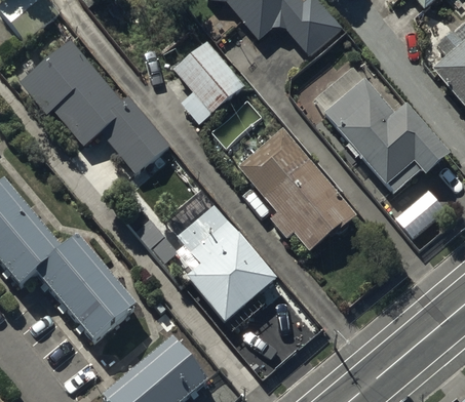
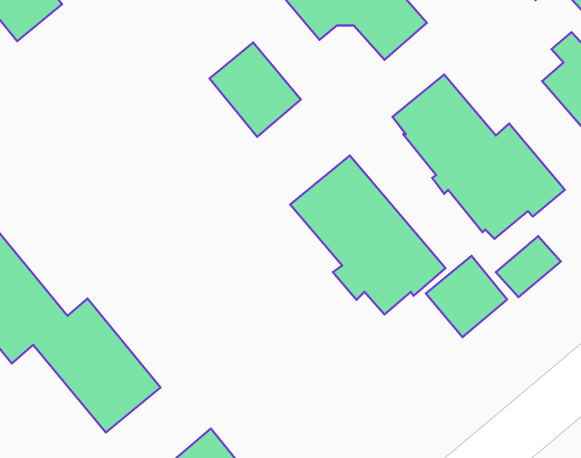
building: [18,39,170,172] -> none
building: [138,188,275,320] -> none
building: none -> [426,256,507,337]

